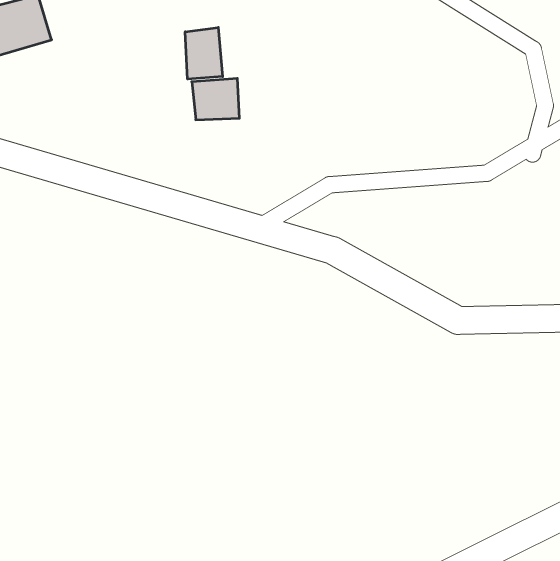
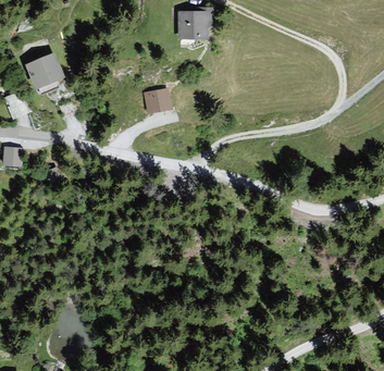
building: [185,27,223,79] -> none

